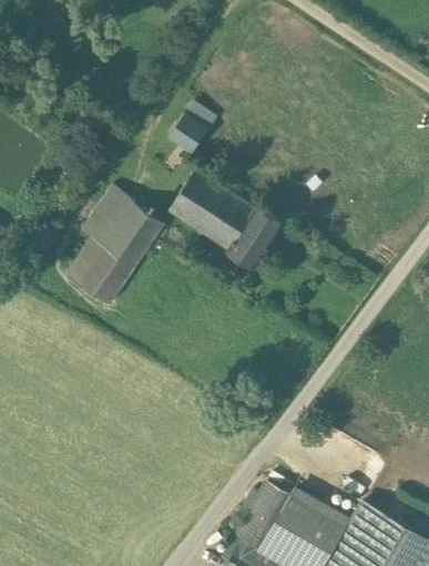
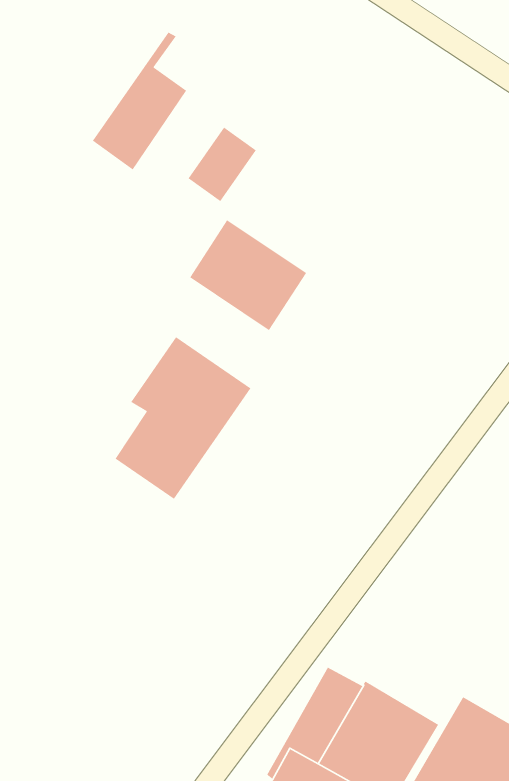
building: none -> [92,31,187,171]
building: [69,185,165,300] -> [114,336,251,500]
building: [223,202,284,268] -> none

